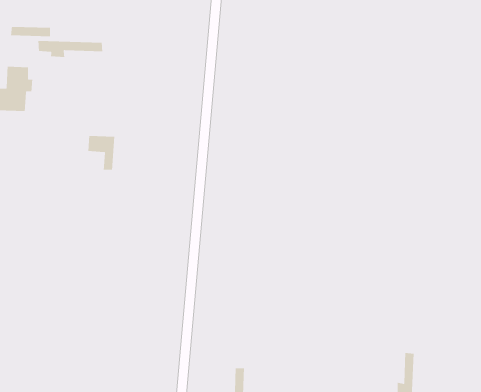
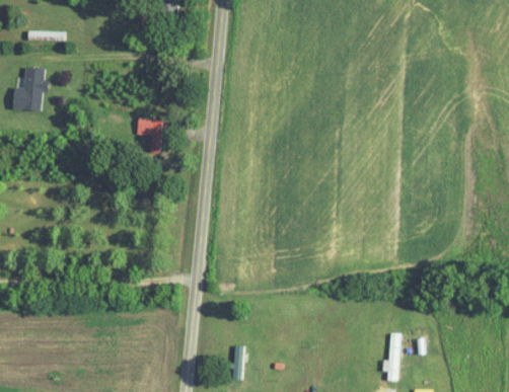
building: [38,40,103,58] -> none
building: [88,135,115,170] -> [137,120,162,152]

